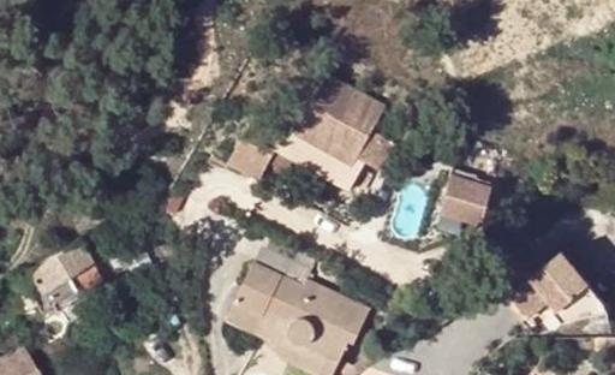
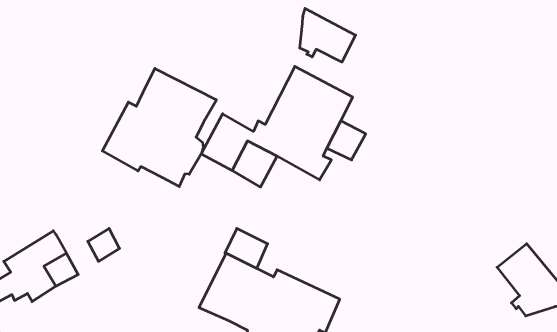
building: none -> [300,8,356,62]
building: none -> [102,68,216,187]
building: [443,175,496,220] -> none

